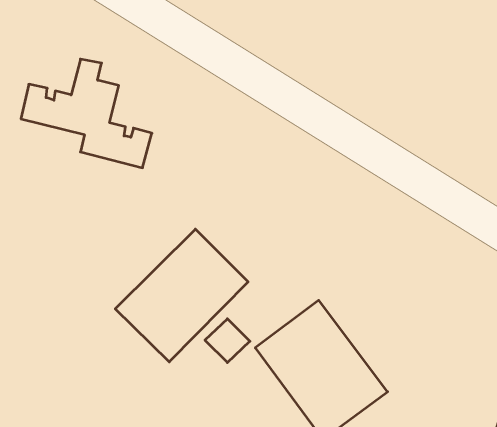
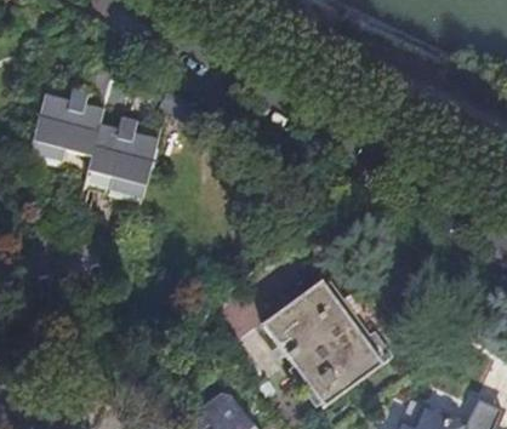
building: none -> [36,114,161,204]
building: [115,229,248,362] -> none

